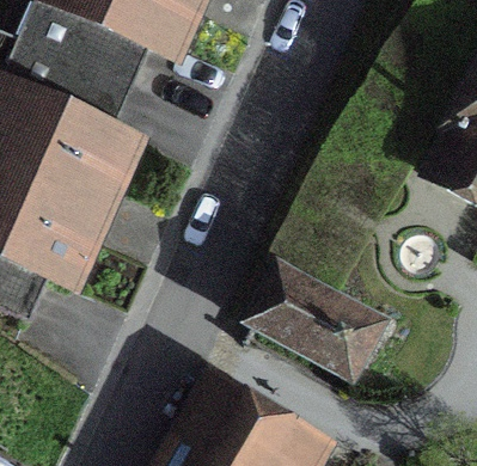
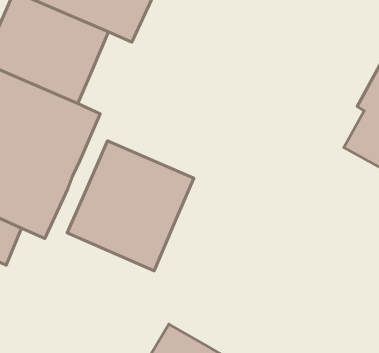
building: none -> [67,141,194,271]
building: [245,257,397,387] -> none

